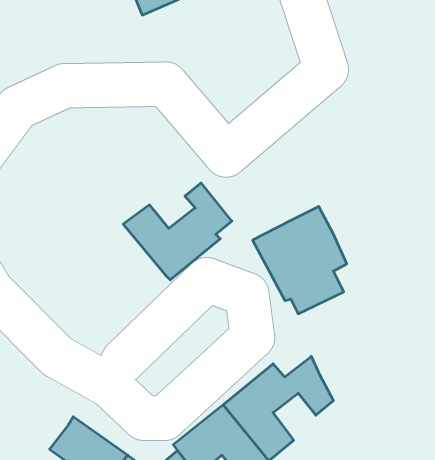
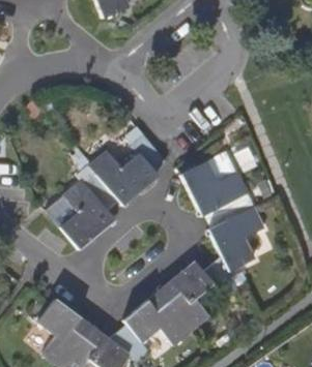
building: none -> [47,164,119,249]
building: none -> [208,207,265,271]

